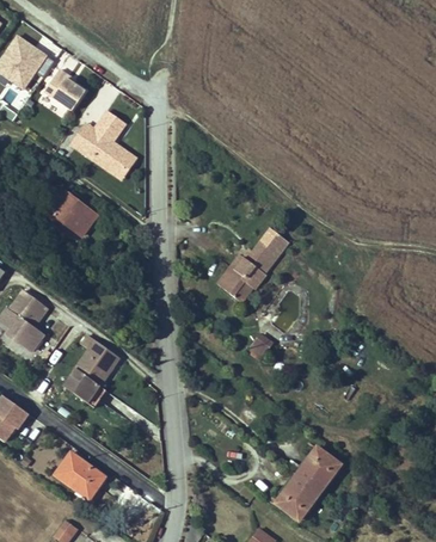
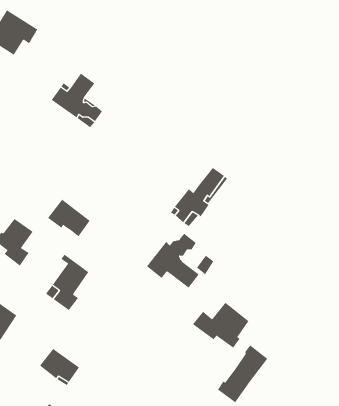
building: [44,68,85,109] -> none
building: [43,187,97,235] -> [47,199,91,237]
building: none -> [146,233,199,289]
building: none -> [192,302,249,348]

